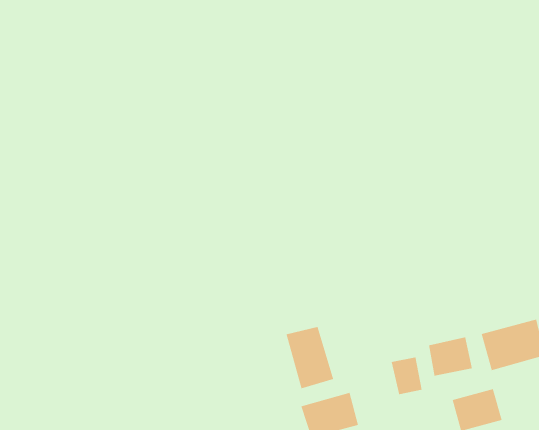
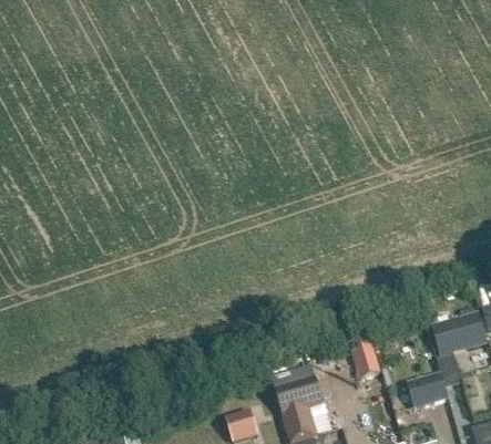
building: [286,326,334,389] -> none
building: [429,337,472,376] -> none

